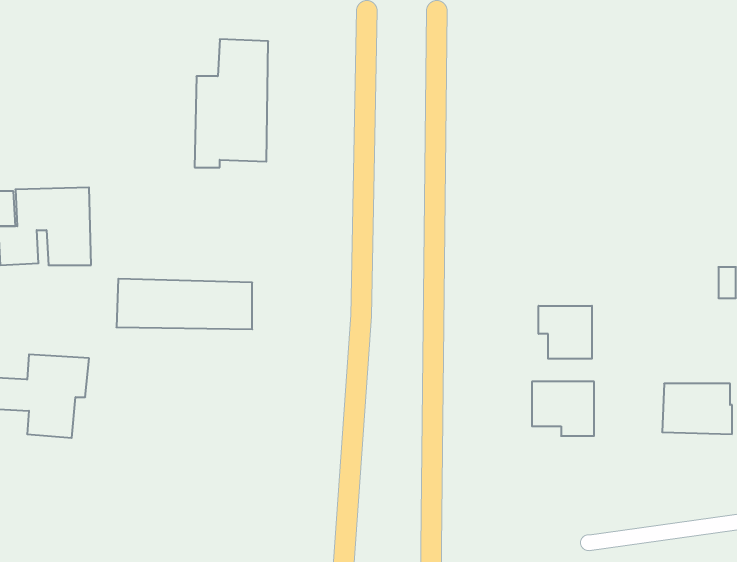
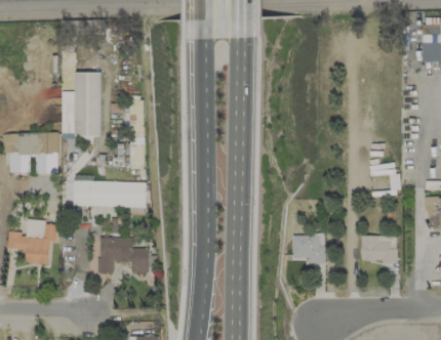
building: [195,39,268,167] -> [63,72,102,139]
building: [539,306,592,359] -> none
building: none -> [99,238,148,272]

